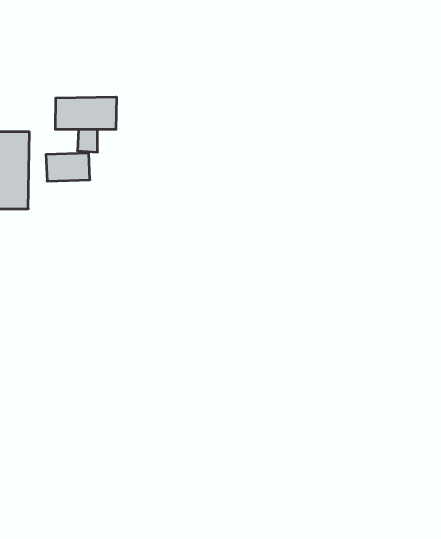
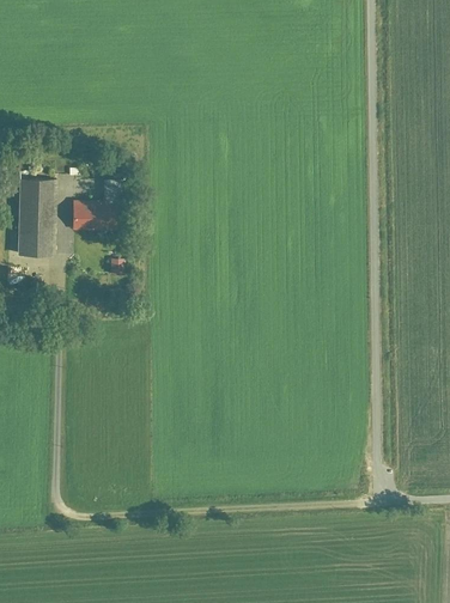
building: [55,97,116,129] -> none

